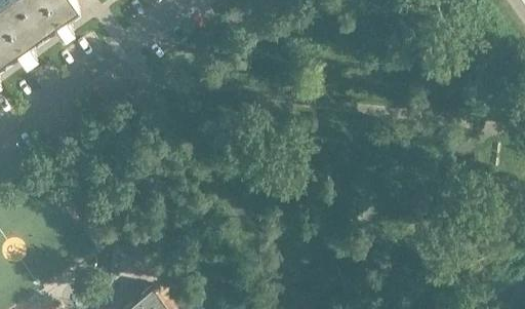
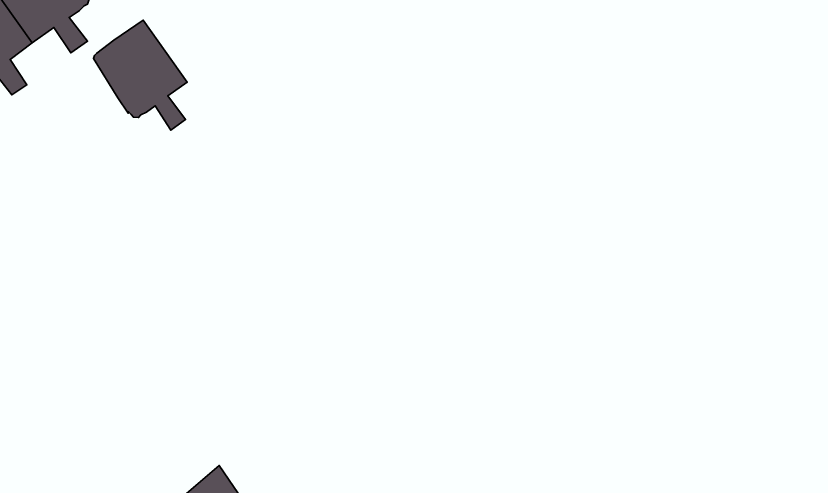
building: none -> [93,20,187,130]

